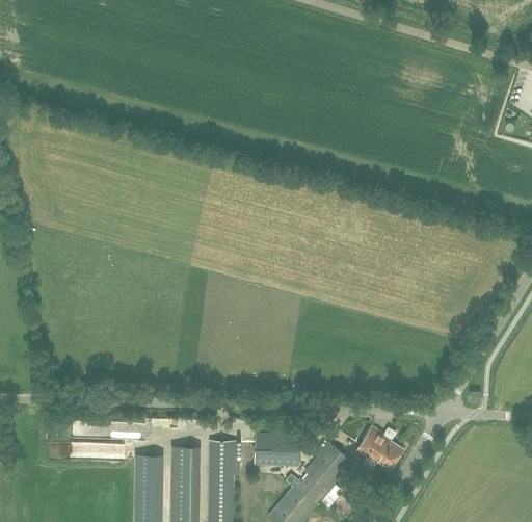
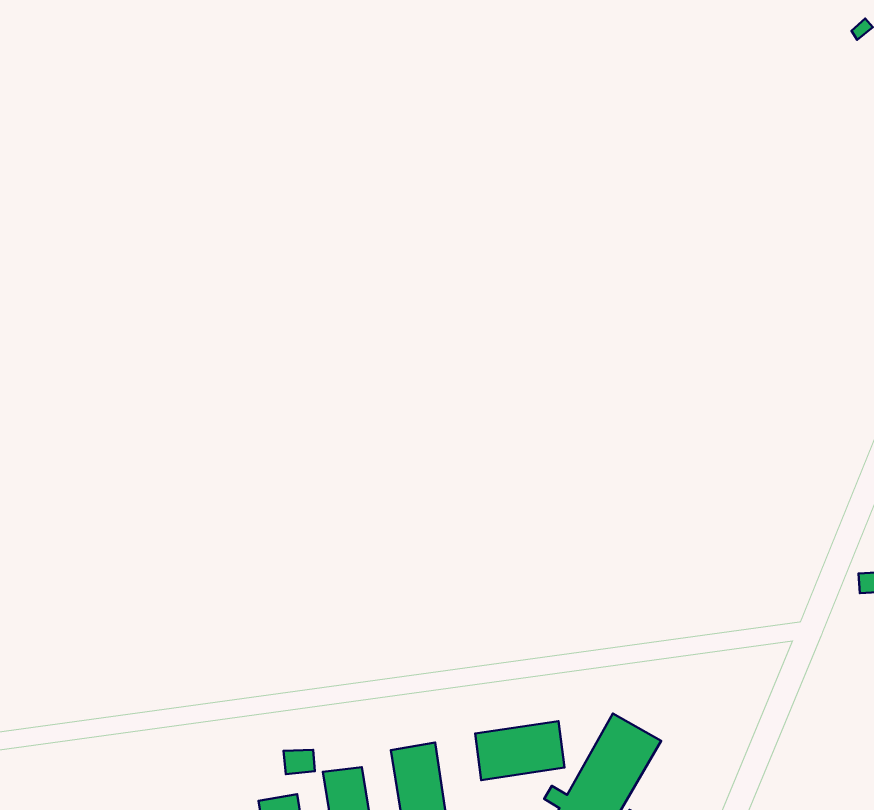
building: [356,426,403,470] -> none

